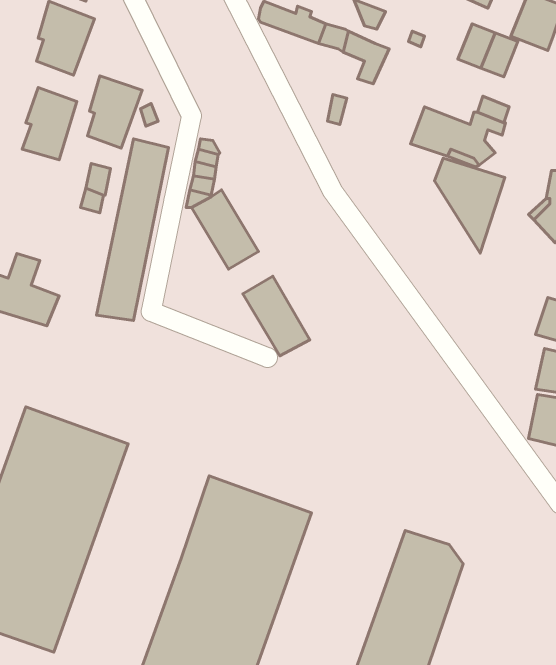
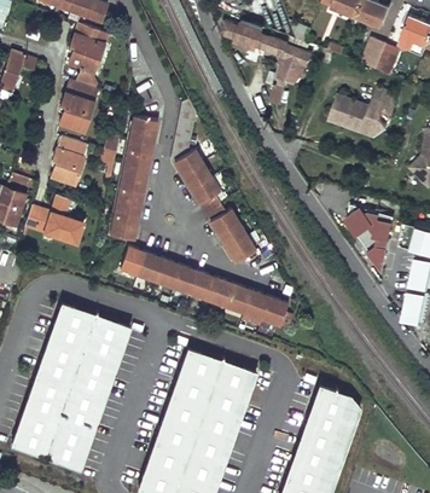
building: [88,76,142,148] -> [52,137,89,186]
building: [434,158,505,253] -> [349,207,397,272]
building: none -> [121,249,287,327]

